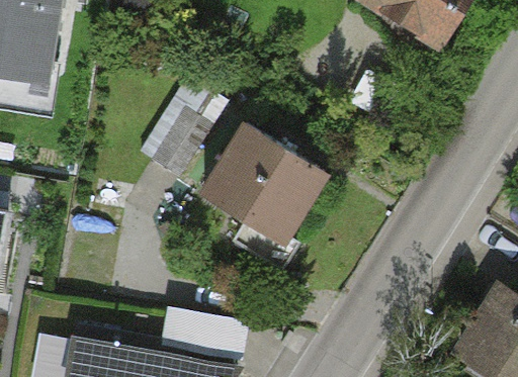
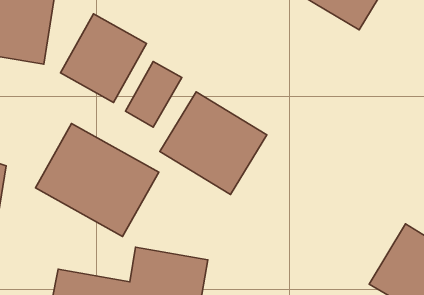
building: none -> [61,14,146,102]
building: none -> [35,123,159,237]

